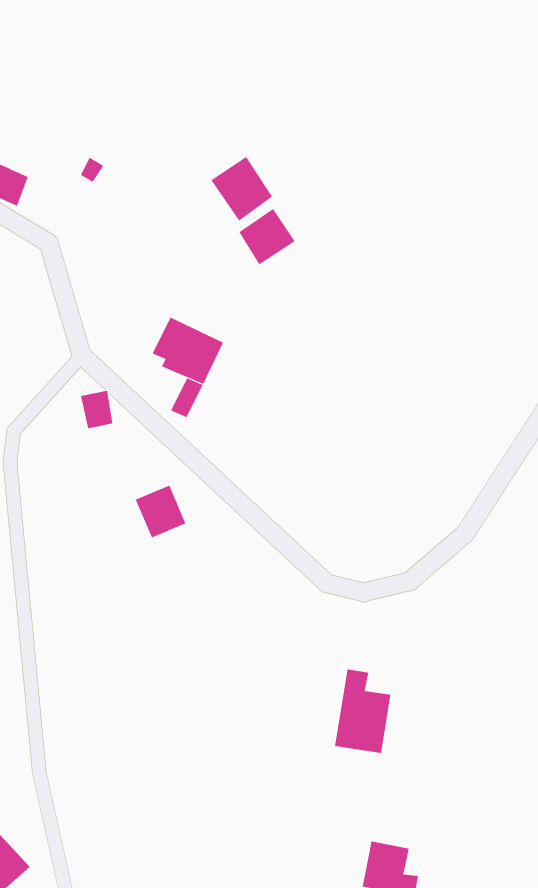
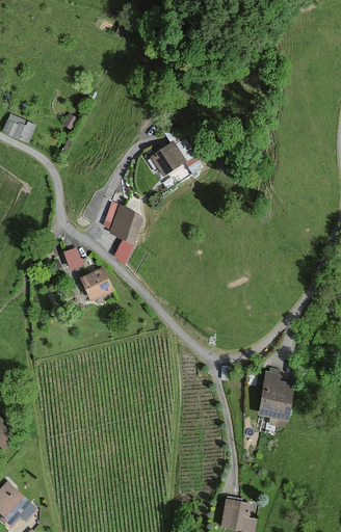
building: [211,156,273,222] -> none
building: [135,485,186,538] -> [83,268,112,298]
building: [334,669,391,753] -> [261,370,293,418]

